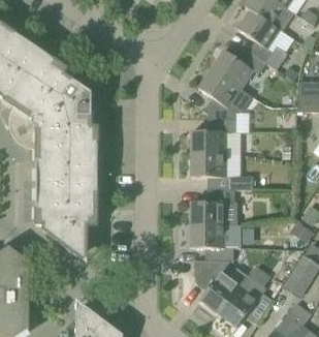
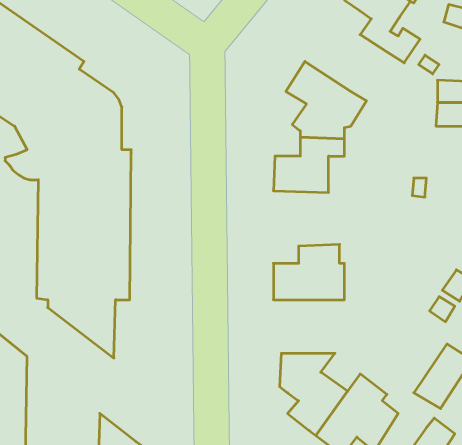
building: [212,49,265,89] -> none
building: [191,154,253,190] -> none
building: [191,225,241,261] -> none

